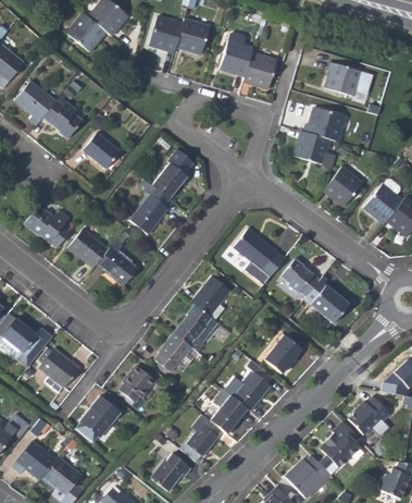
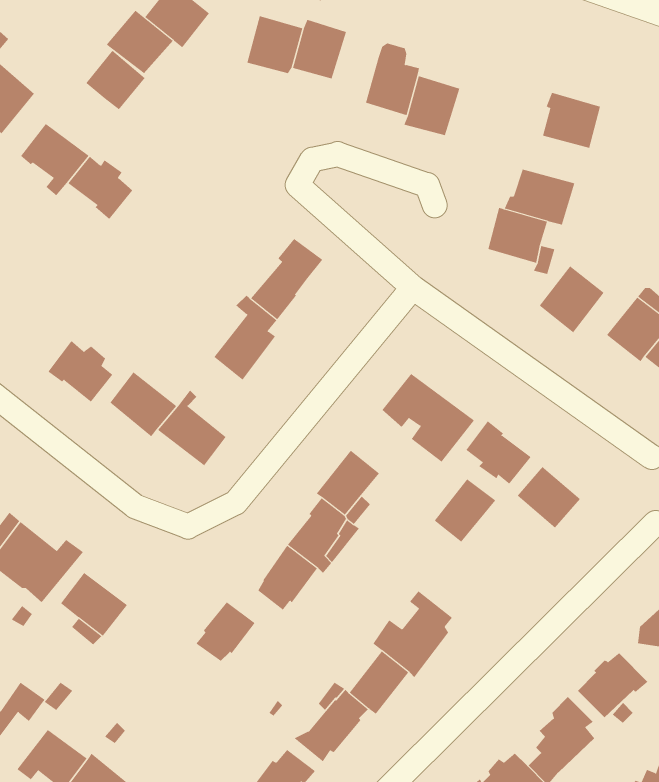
building: none -> [84,50,146,110]
building: [83,133,121,169] -> none
building: [265,334,302,372] -> [434,479,496,543]
building: [79,395,121,440] -> none

